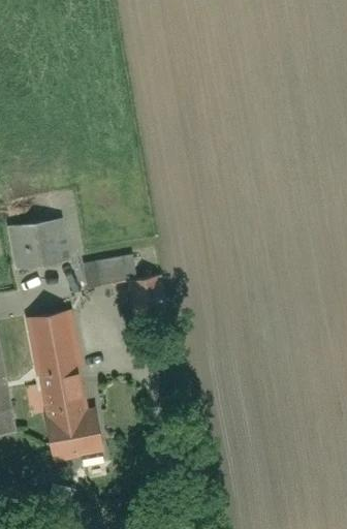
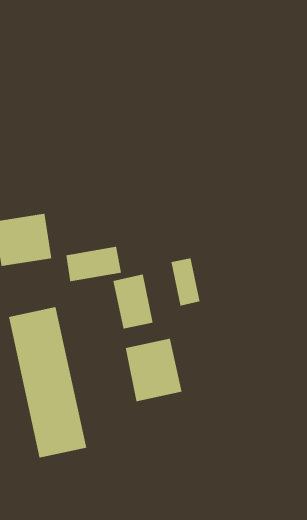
building: none -> [171,258,200,307]
building: none -> [125,338,182,402]

